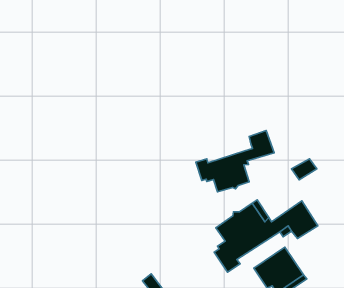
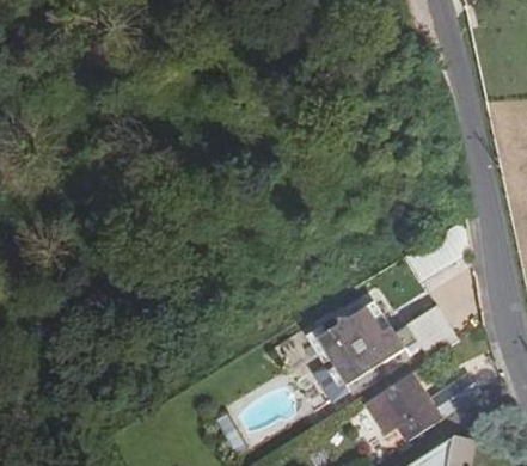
building: [196,131,274,192] -> none

